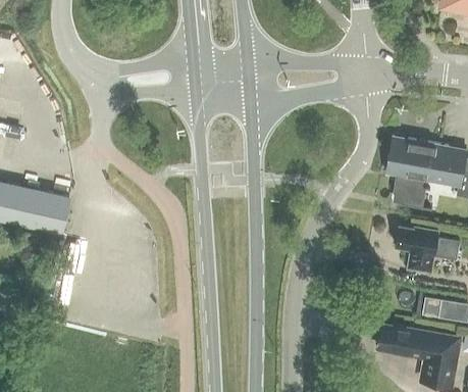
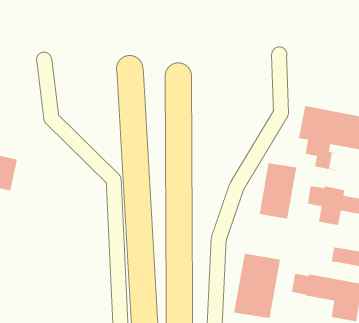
building: none -> [259,163,297,220]
building: none -> [234,253,280,319]

